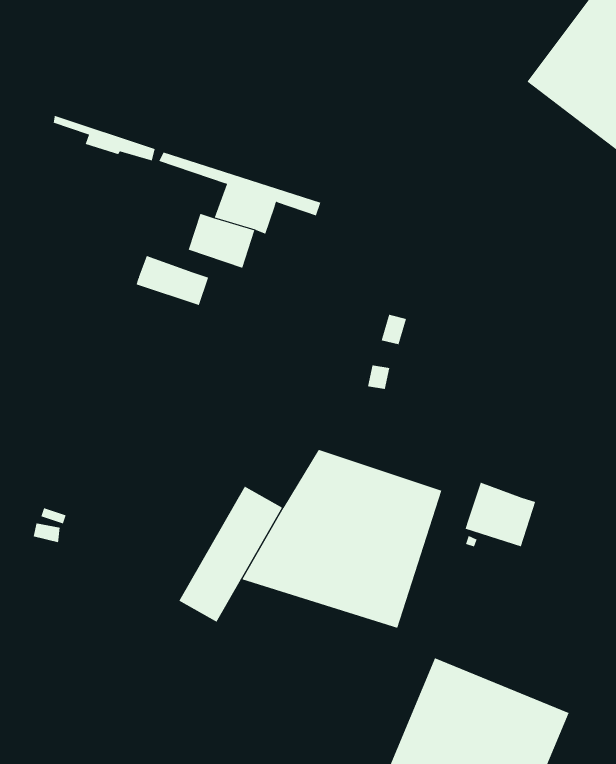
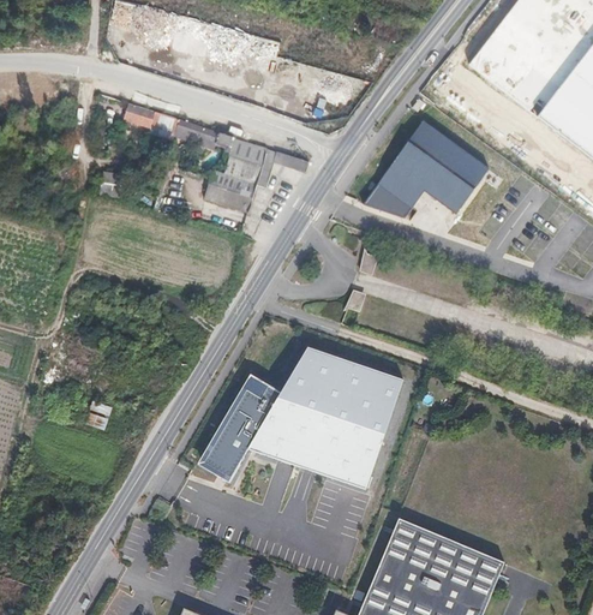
building: none -> [366,118,489,215]
building: [136,255,209,306] -> none
building: [465,482,536,547] -> none

